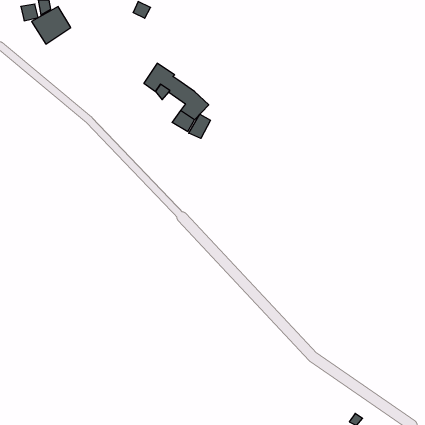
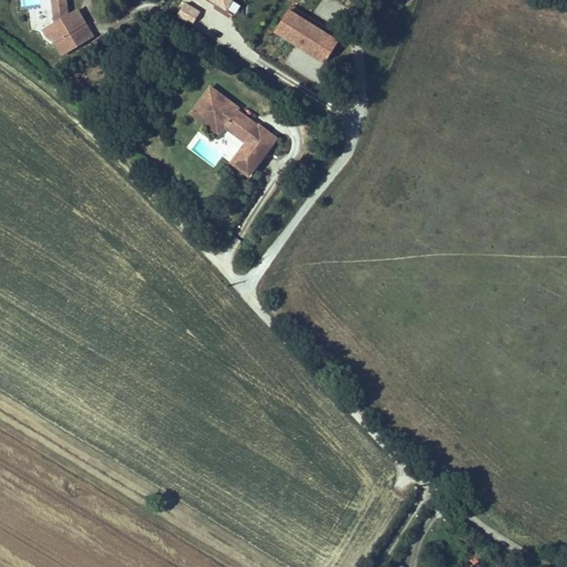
building: none -> [275,10,340,63]
building: [189,114,210,138] -> none

